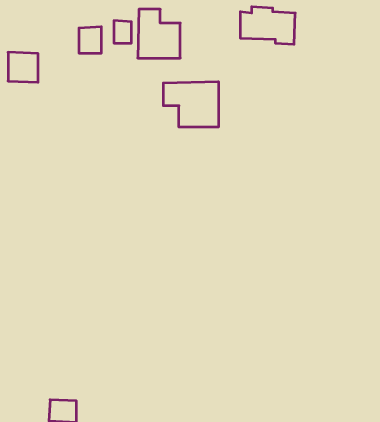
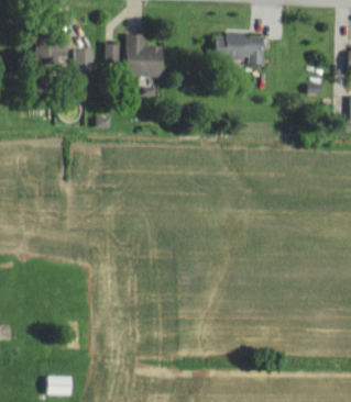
building: [8,52,38,82] -> [36,37,63,64]
building: [163,82,218,127] -> none

